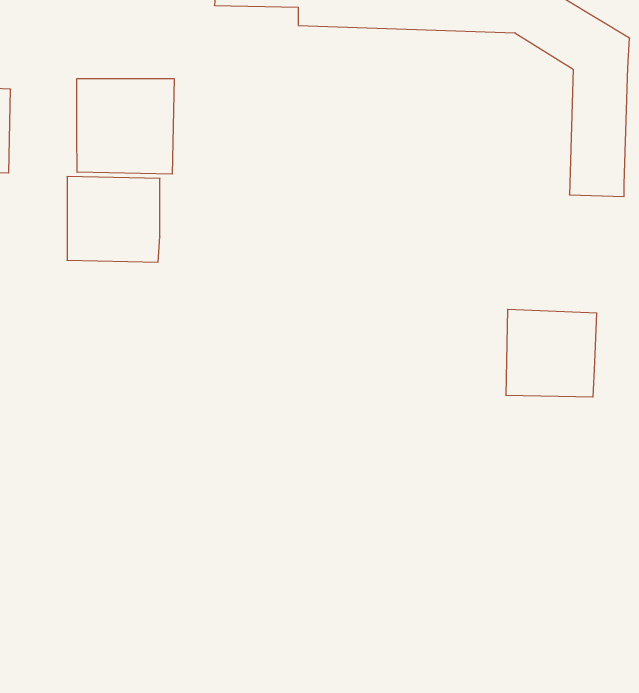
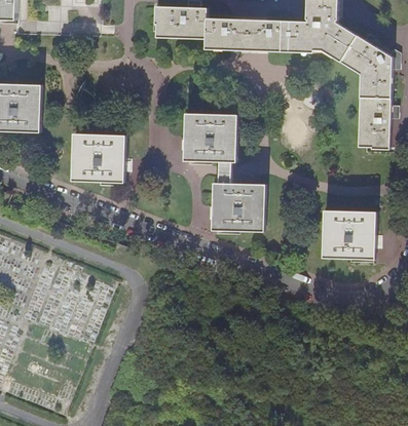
building: [77,79,174,174] -> none
building: none -> [186,112,262,230]

